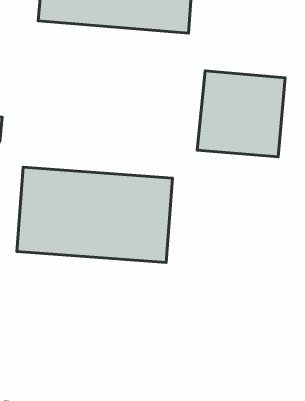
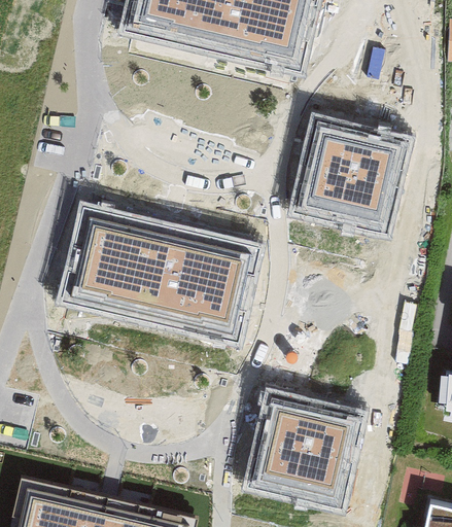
building: none -> [243,394,360,508]

